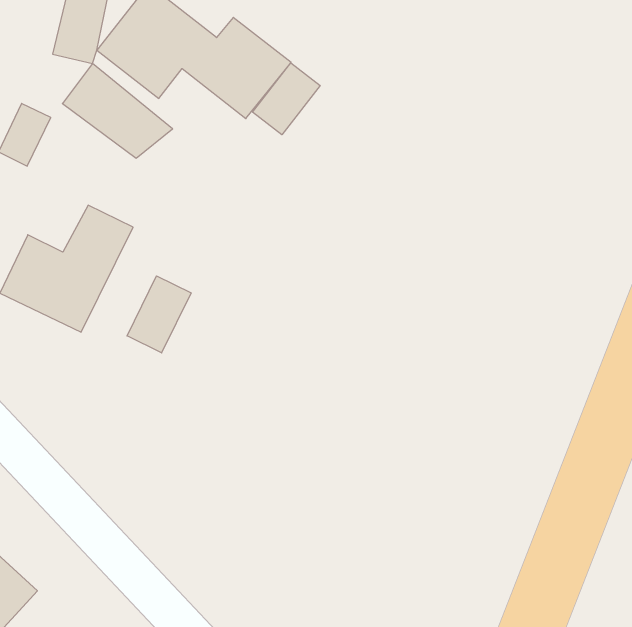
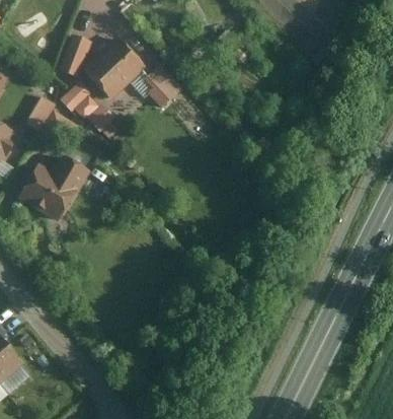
building: [253,63,320,135] -> none
building: [127,276,191,353] -> none

